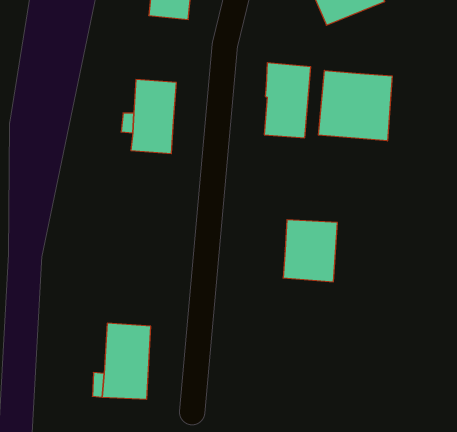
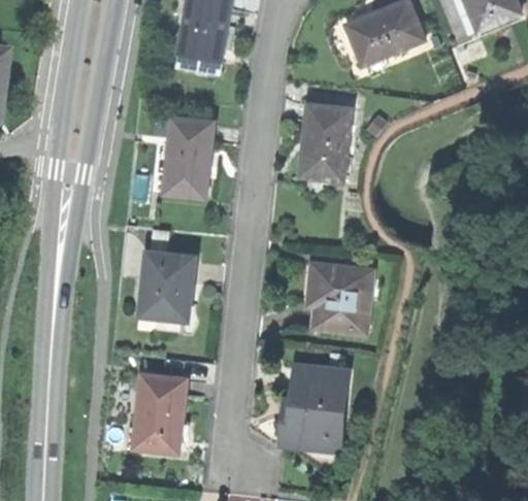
building: [318,70,392,141] -> none
building: none -> [141,254,195,322]
building: none -> [287,369,351,450]

